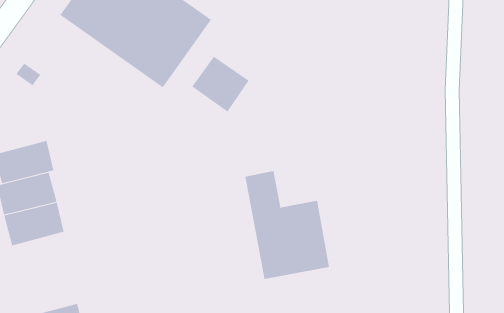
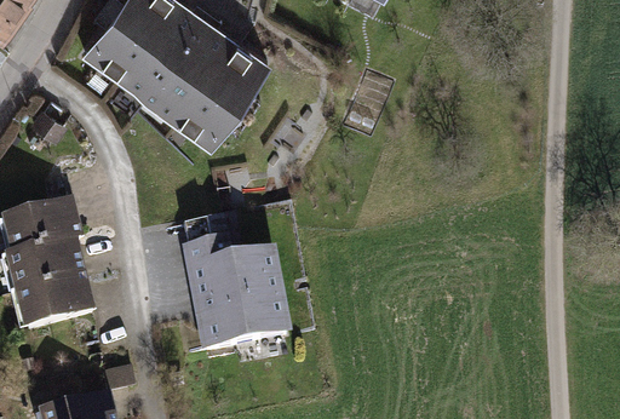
building: [191,56,250,112] -> none
building: [245,171,330,280] -> [183,224,285,354]

